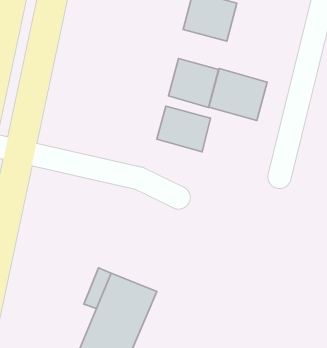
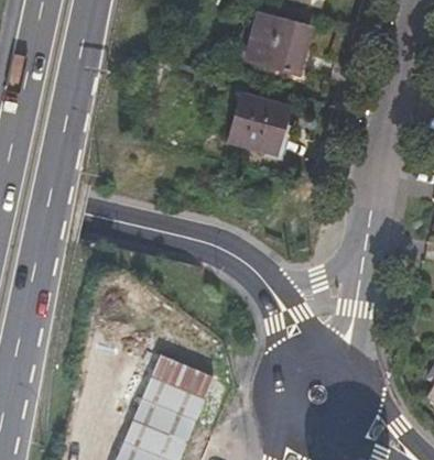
building: [209,69,267,120] -> none
building: [157,106,210,152] -> none

